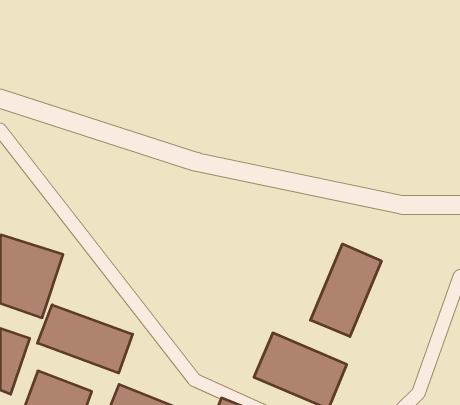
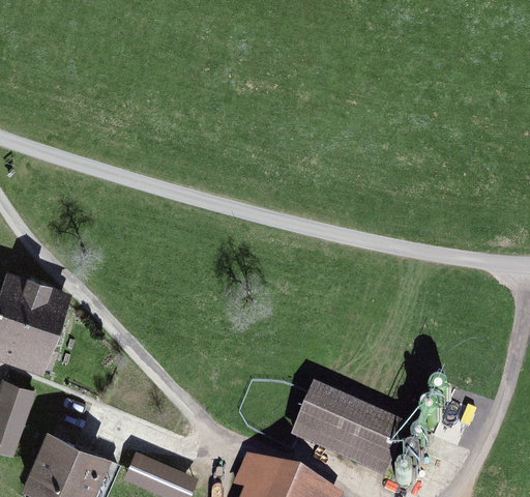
building: [310,244,381,337] -> none
building: [37,305,133,373] -> none

